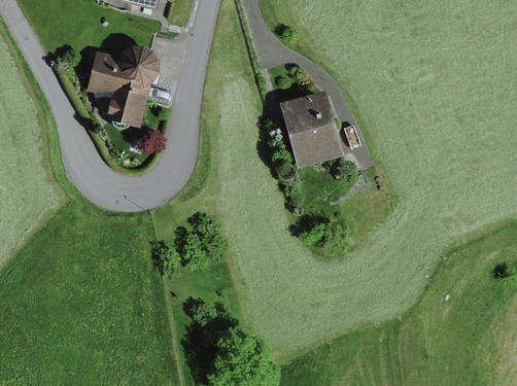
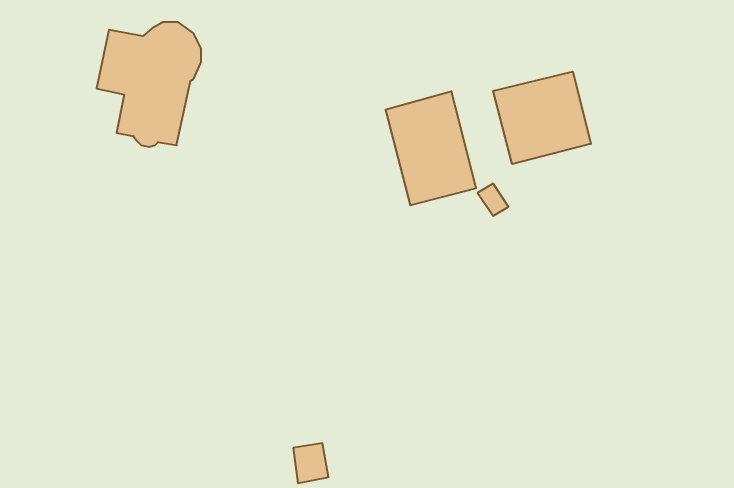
building: none -> [493,72,591,164]

